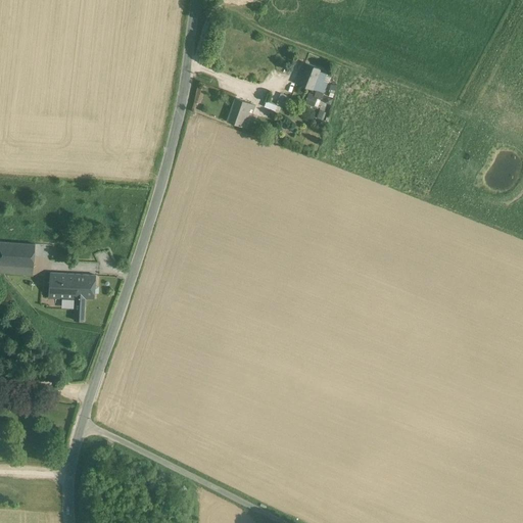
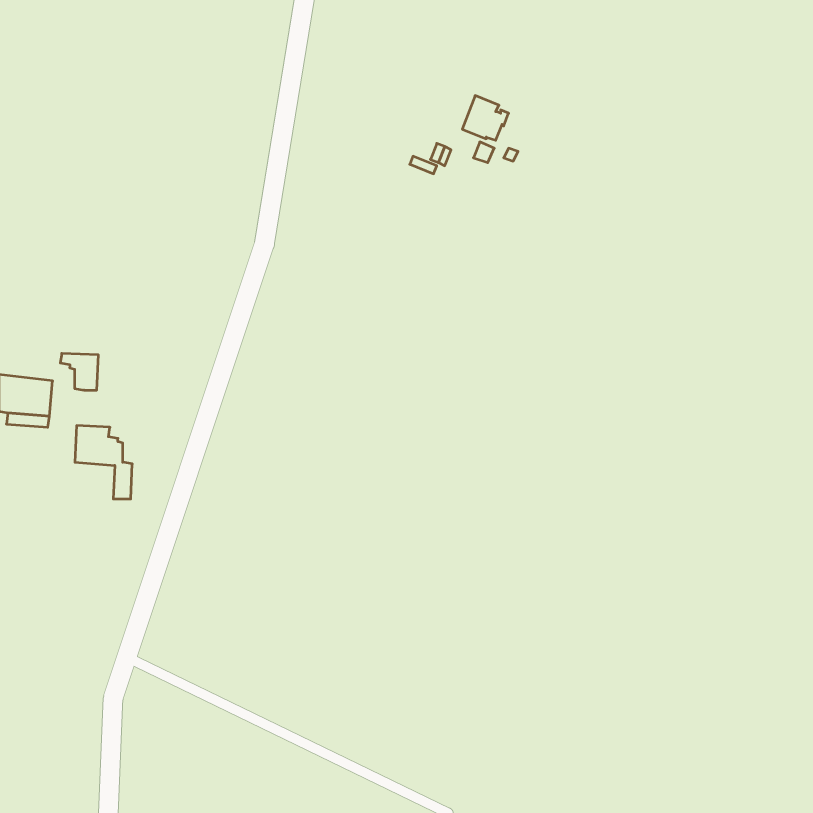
building: [227,97,254,127] -> none
building: [69,274,94,297] -> [60,353,98,390]

